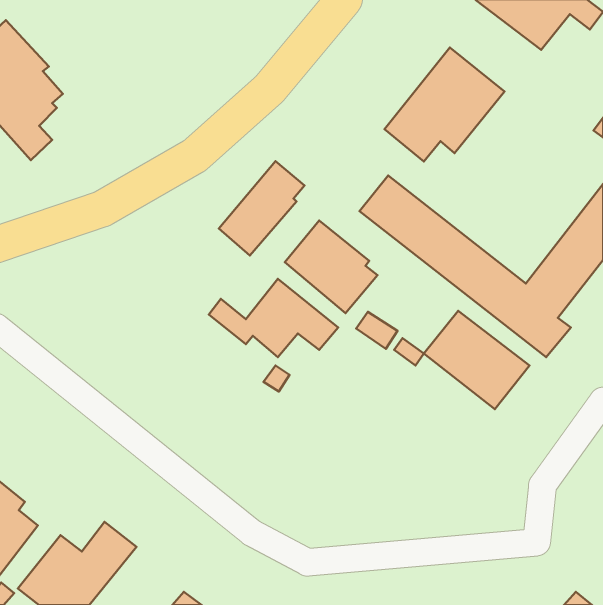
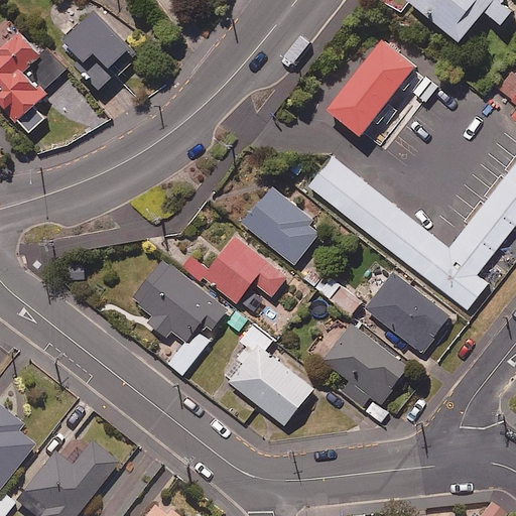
building: none -> [64,14,129,90]
building: [219,161,305,255] -> none
building: none -> [132,259,227,375]
building: none -> [314,321,408,408]
building: none -> [228,326,313,426]

